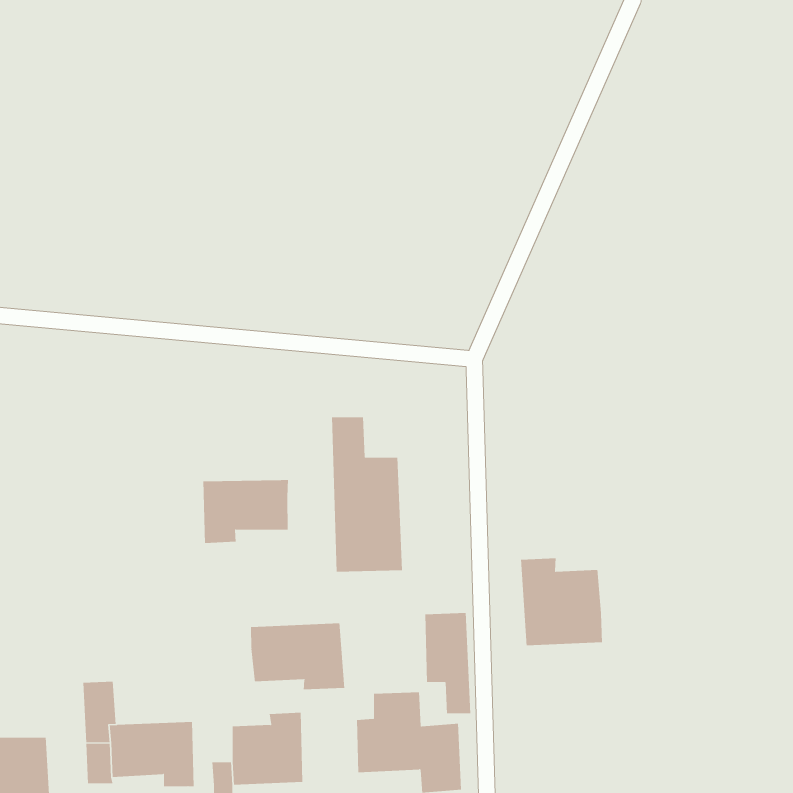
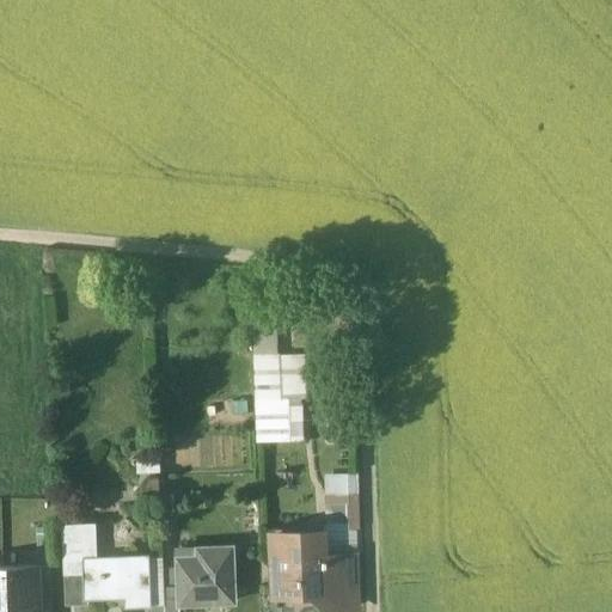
building: [203,479,288,544] -> none
building: [521,558,602,646] -> none
building: [251,623,345,690] -> none

